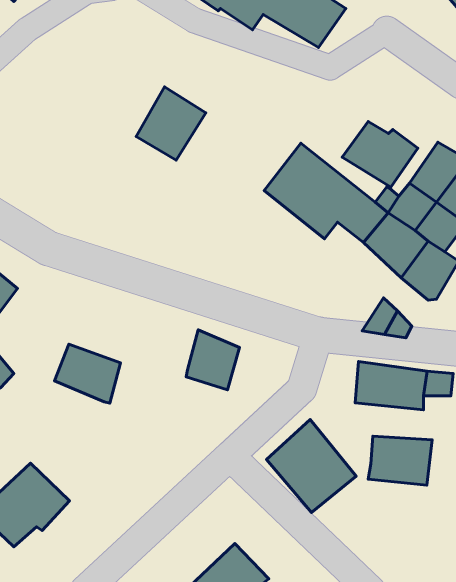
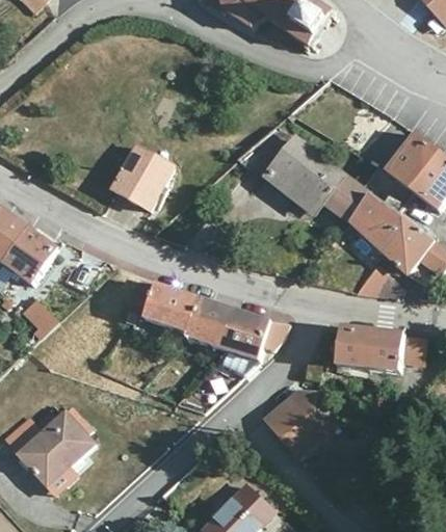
building: [136,87,206,160] -> [106,152,167,216]
building: [342,122,418,187] -> none
building: [55,344,121,403] -> [148,280,206,331]
building: none -> [231,312,295,376]
building: [368,436,432,485] -> none

